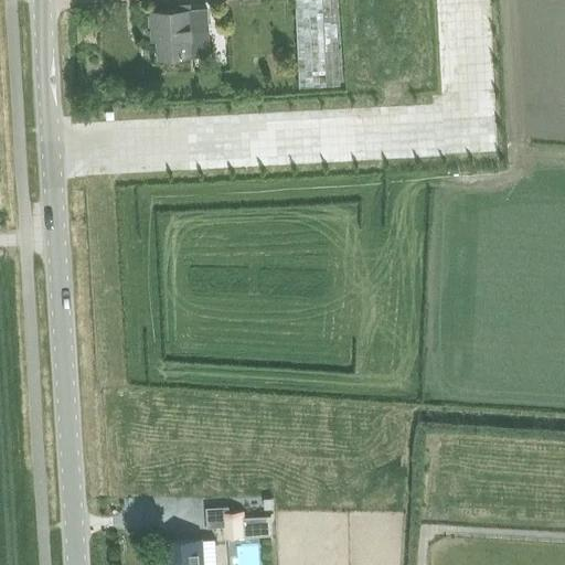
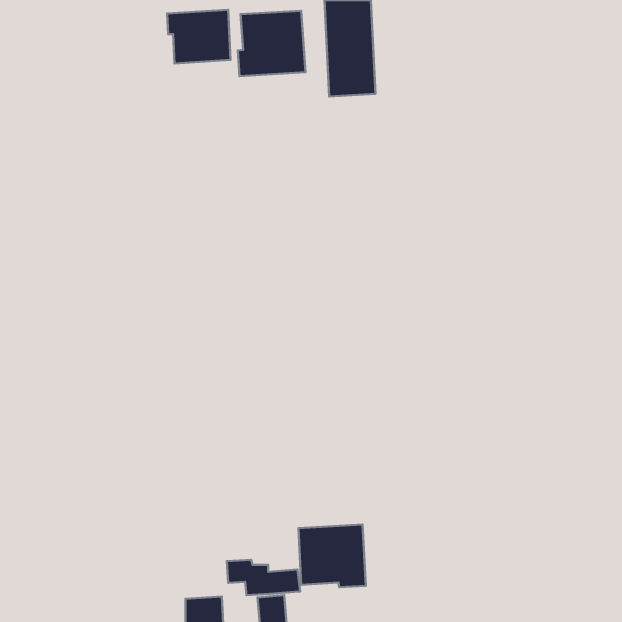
building: none -> [238,11,306,76]
building: none -> [299,524,366,587]

